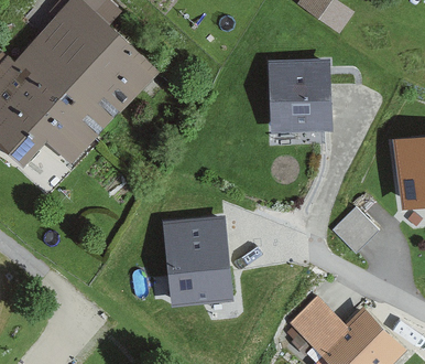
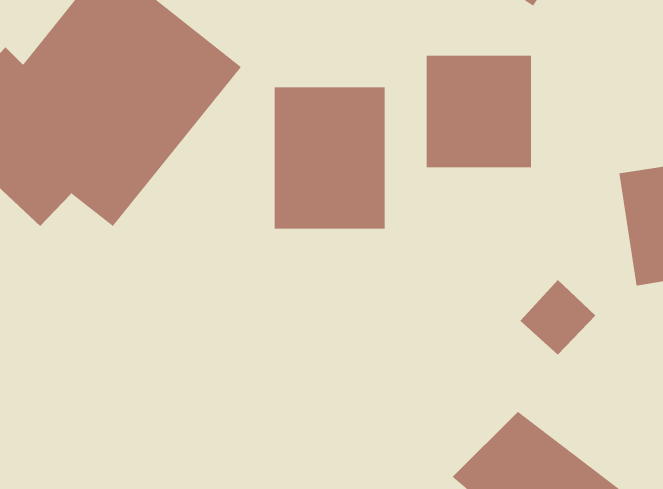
building: none -> [274,86,385,230]
building: [156,215,228,306] -> none

